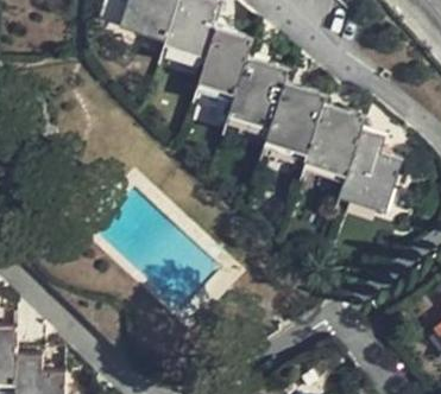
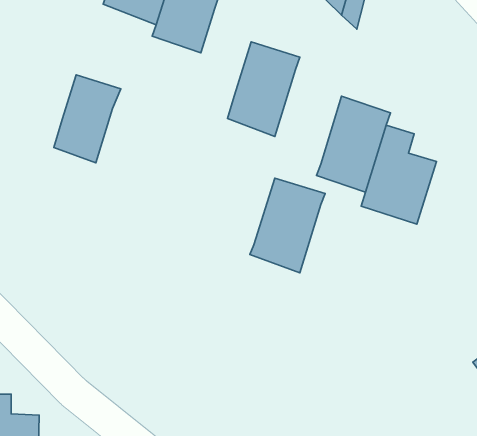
building: [195,27,252,102] -> [54,75,121,163]
building: [262,80,326,160] -> [250,178,325,273]

